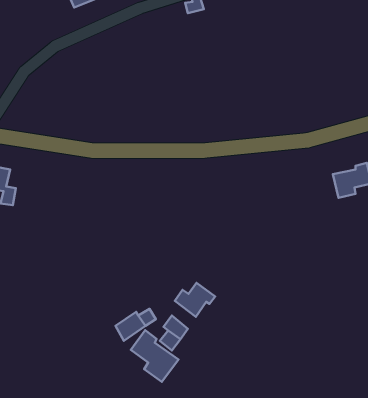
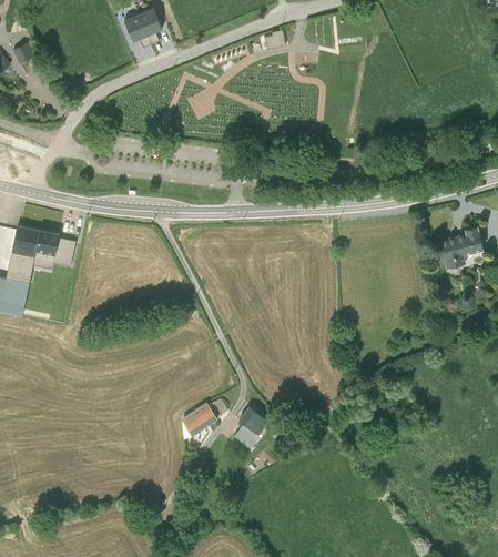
building: [175,283,215,317] -> none
building: [131,330,178,382] -> none

